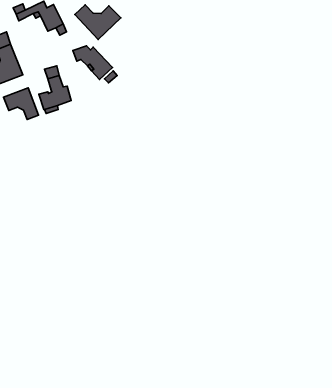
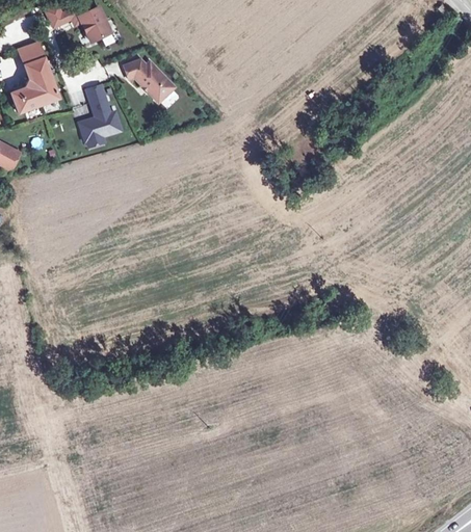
building: [75,5,121,39] -> none
building: [4,88,38,119] -> none

